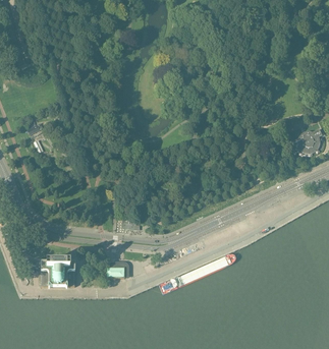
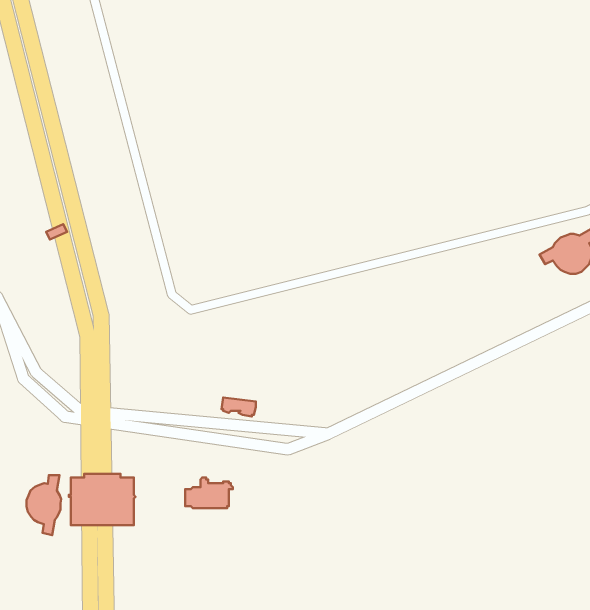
building: none -> [26,475,61,535]

